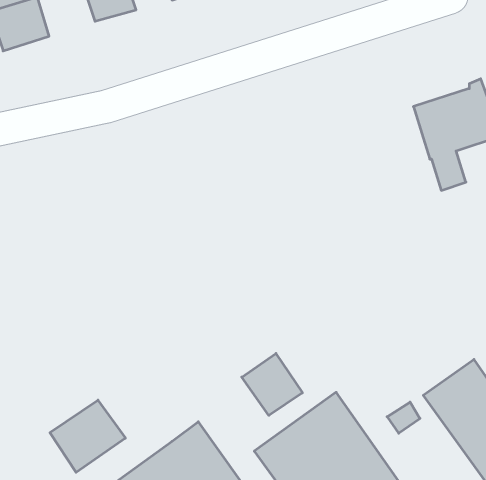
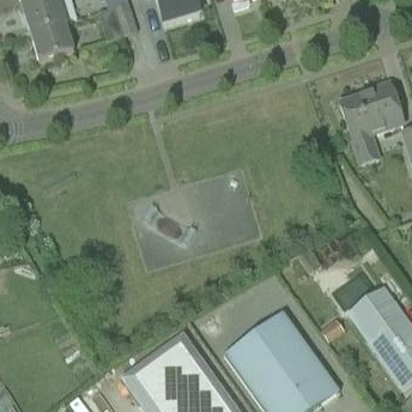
building: [242,353,302,415] -> none
building: [50,400,125,472] -> none

